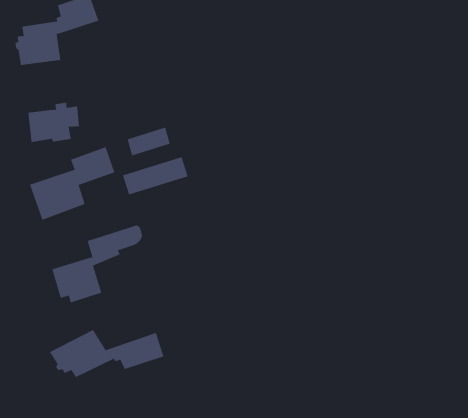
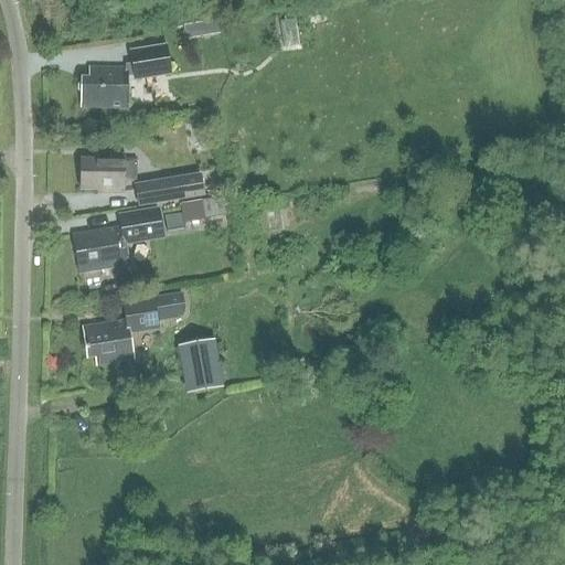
building: [122,157,189,195] -> [136,172,205,204]
building: none -> [180,339,222,391]
building: [49,329,164,378] -> none

